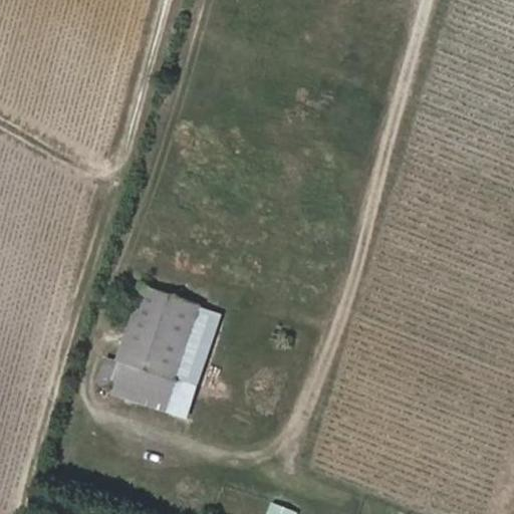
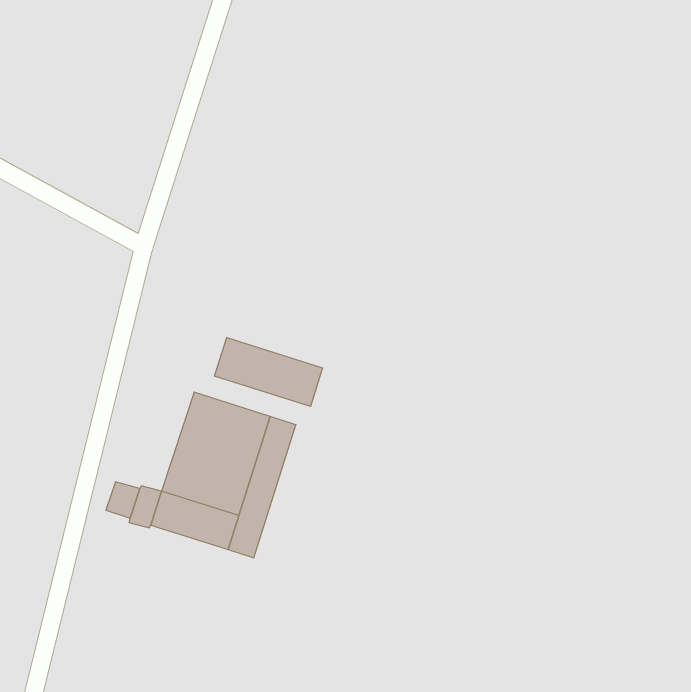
building: none -> [215,338,322,406]

